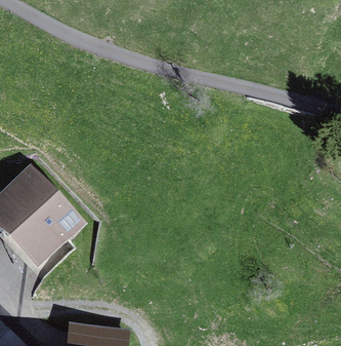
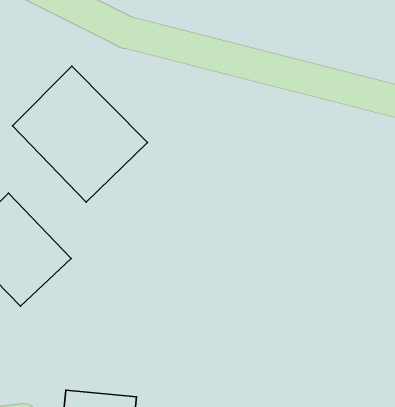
building: none -> [12,66,147,202]

